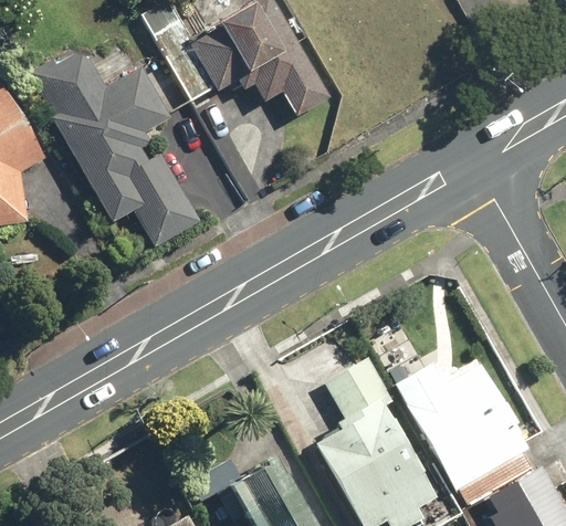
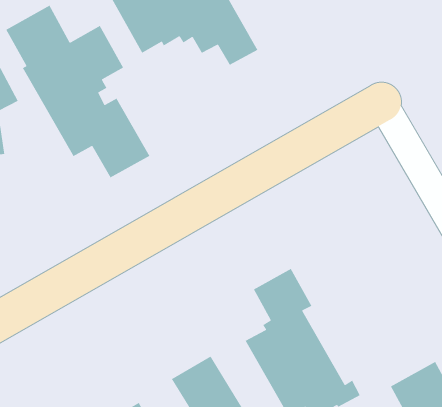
building: [391,361,532,503] -> none

